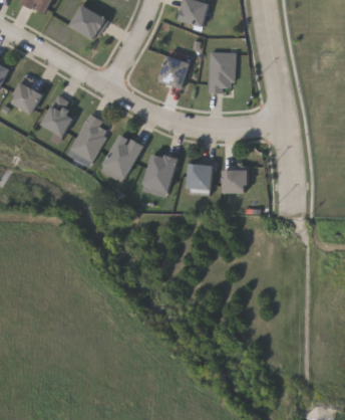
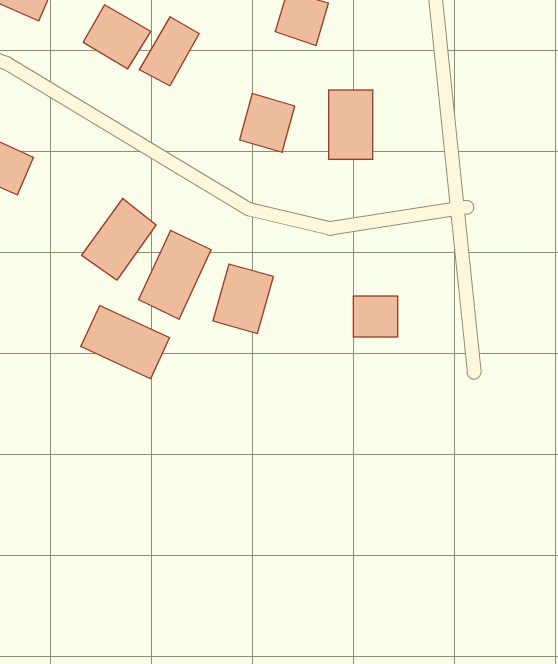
building: none -> [139,17,199,86]
building: [40,96,78,136] -> none
building: [187,163,213,190] -> none
building: none -> [81,305,170,379]

